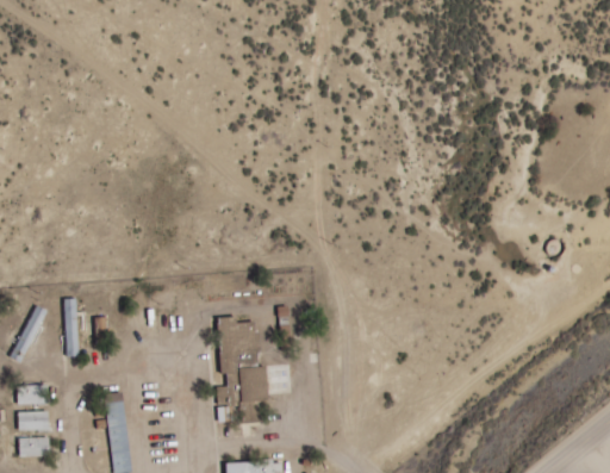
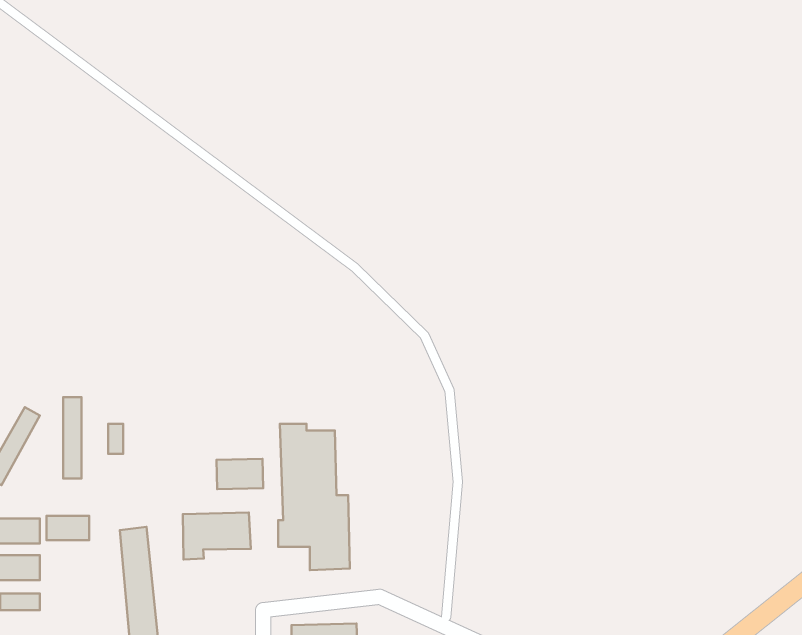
building: none -> [217,459,263,489]
building: none -> [183,513,251,559]
building: none -> [46,516,89,540]

